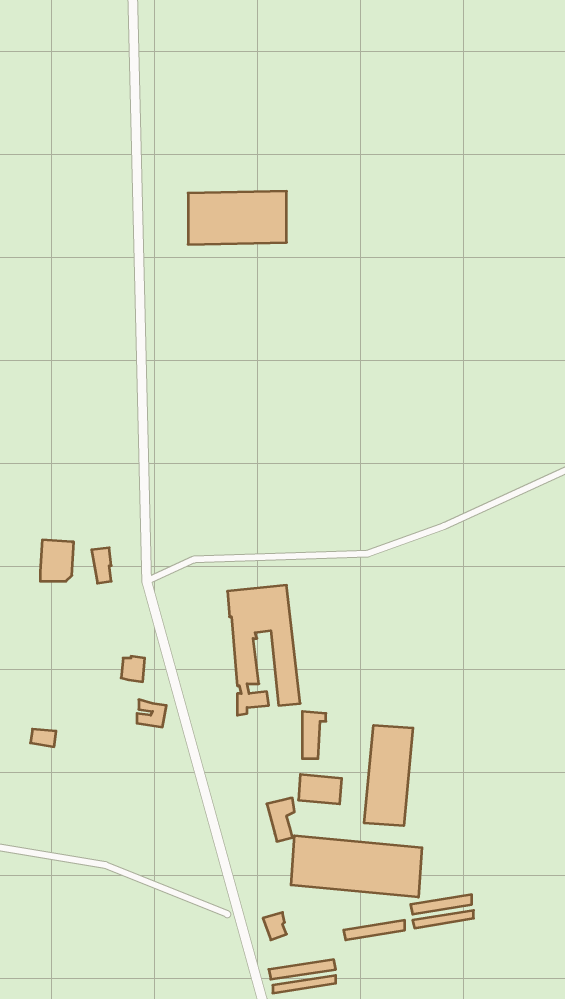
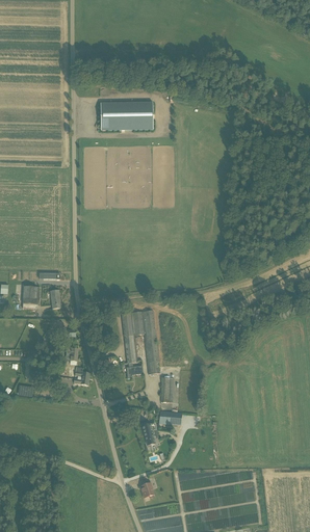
building: [364,725,413,826] -> none
building: [291,836,422,897] -> none

